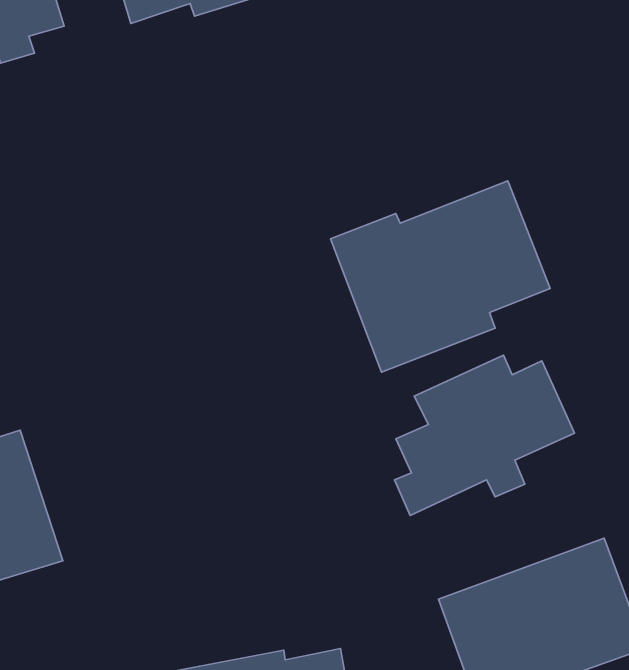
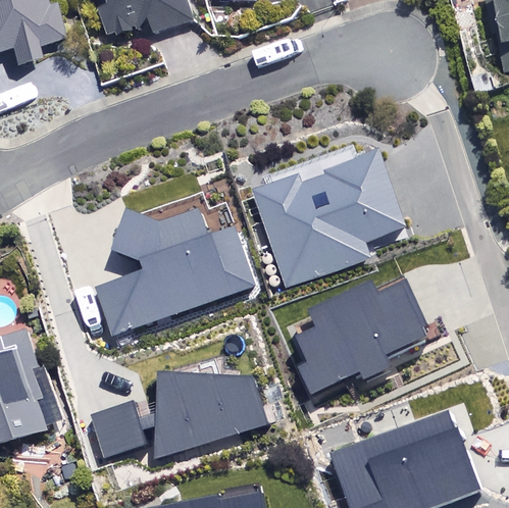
building: none -> [96,207,257,338]
building: none -> [90,370,266,457]

